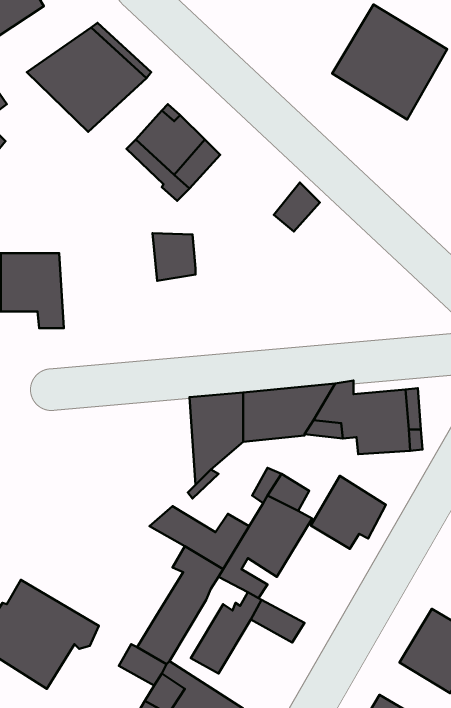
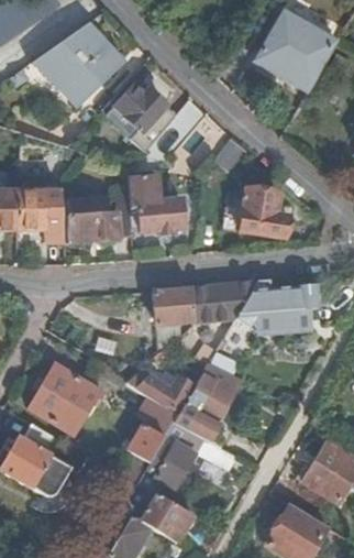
building: none -> [241,189,287,237]
building: none -> [66,197,118,242]
building: none -> [130,197,186,234]
building: [311,476,386,549] -> none
building: none -> [30,365,103,435]

